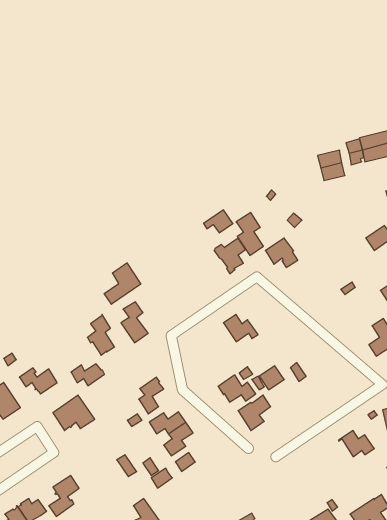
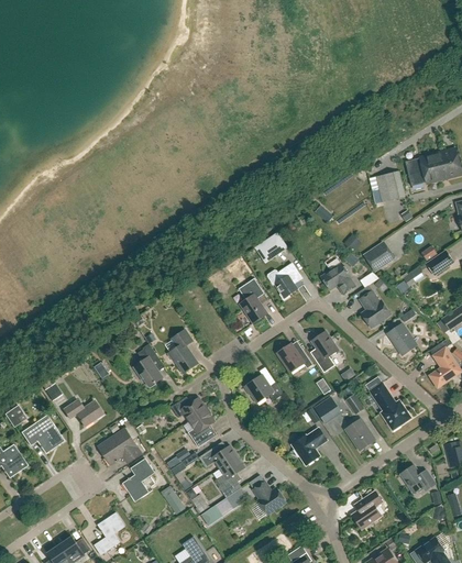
building: [236,213,263,255] -> [239,278,267,323]
building: none -> [364,240,396,272]
building: [104,263,141,304] -> none
building: none -> [360,290,391,328]
building: none -> [387,323,417,355]
building: none -> [311,331,339,373]
building: none -> [370,382,411,431]
building: [71,364,104,386] -> [172,398,207,421]
building: [218,375,256,402] -> [244,374,284,402]
building: none -> [347,419,375,450]
building: none -> [123,459,155,501]
building: none -> [253,482,286,514]
building: none -> [352,490,383,529]

